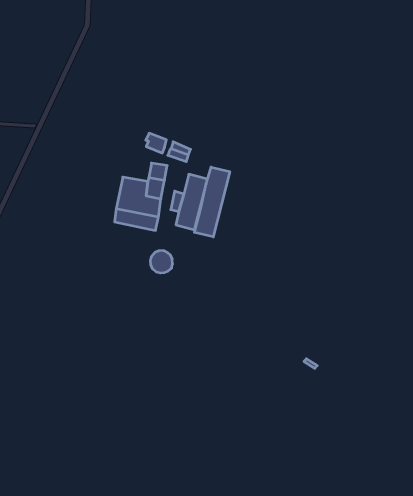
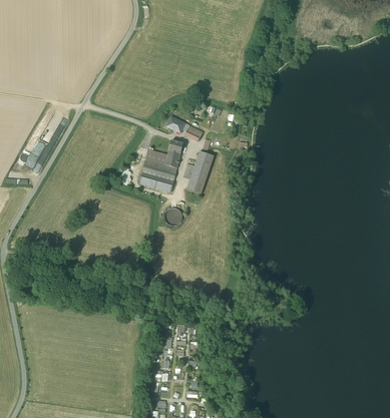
building: [194,167,230,237] -> none

